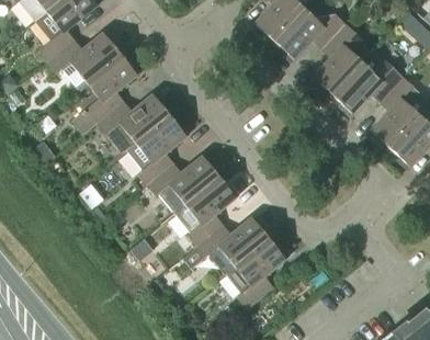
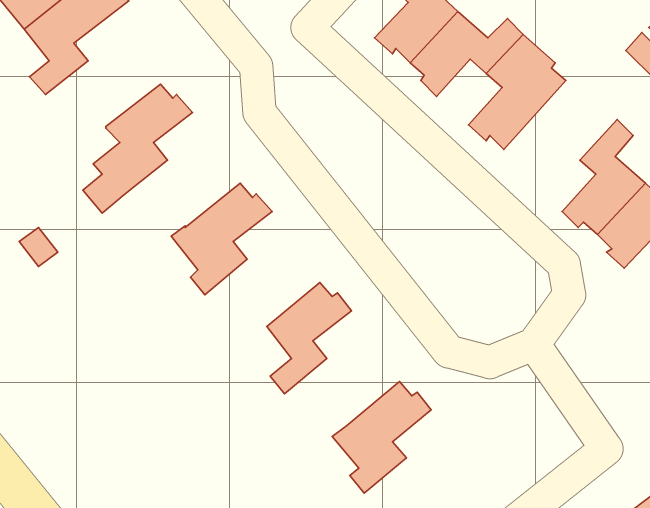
building: [48,30,120,88] -> none
building: [332,52,403,114] -> none
building: [98,92,169,152] -> none
building: [147,154,218,212] -> none
building: [196,215,268,265] -> none

